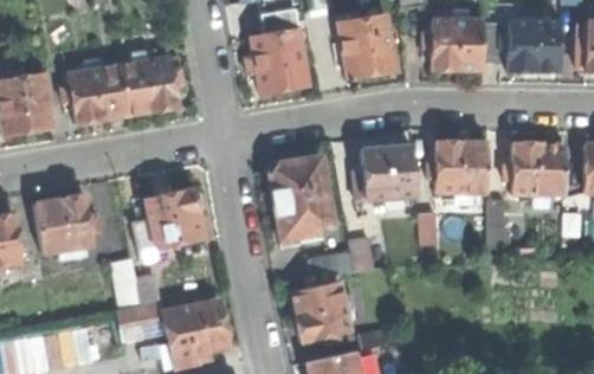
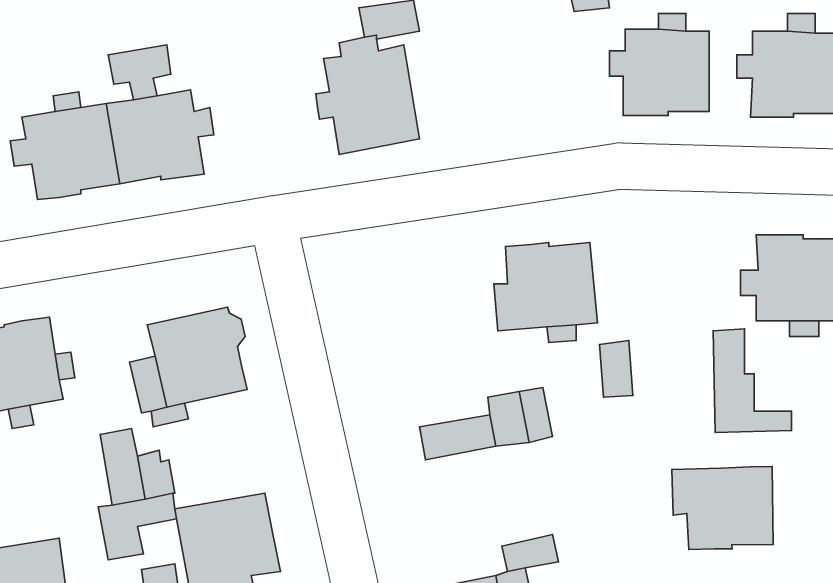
building: [332,15,396,80] -> none
building: [426,143,488,194] -> none
building: [269,159,332,245] -> none
building: [290,279,349,343] -> none
building: none -> [672,466,773,550]

